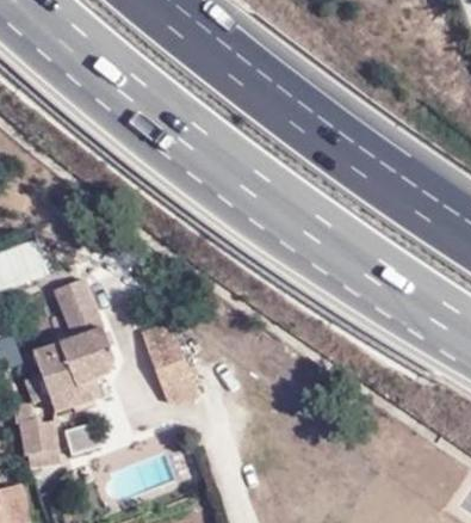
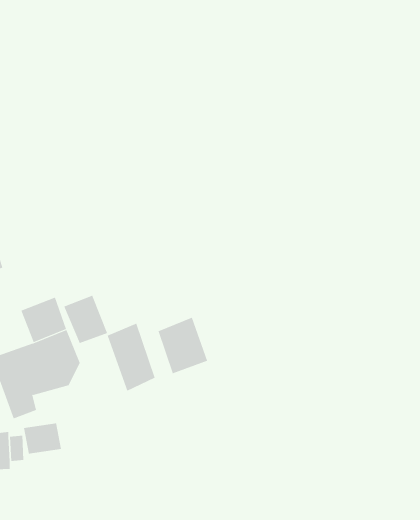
building: none -> [63,295,108,344]
building: none -> [158,317,208,374]

